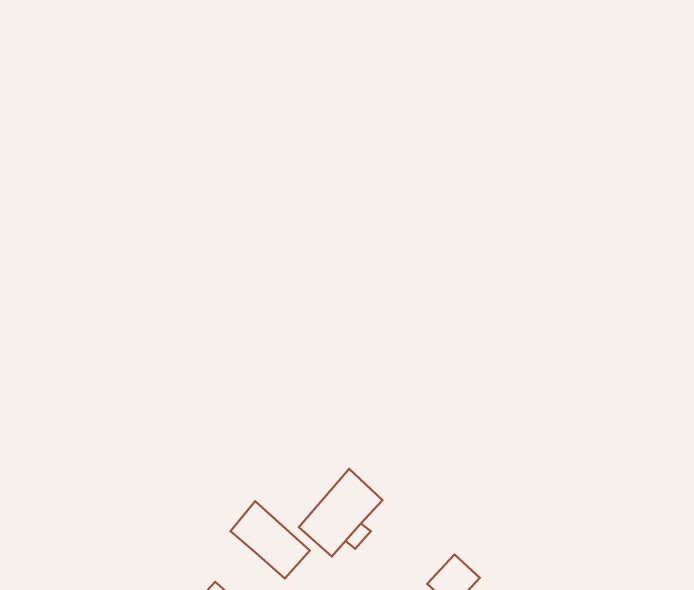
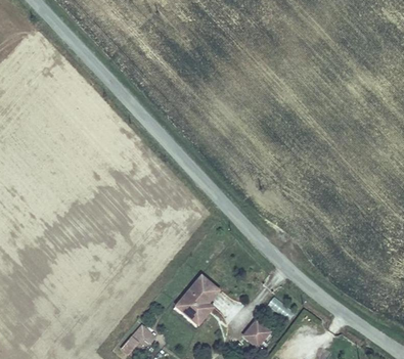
building: [231,501,310,579] -> none

